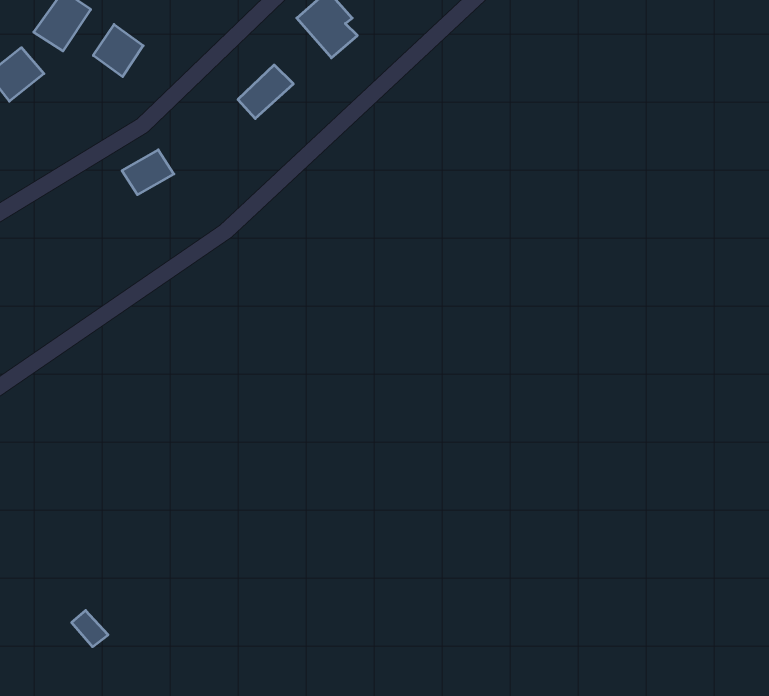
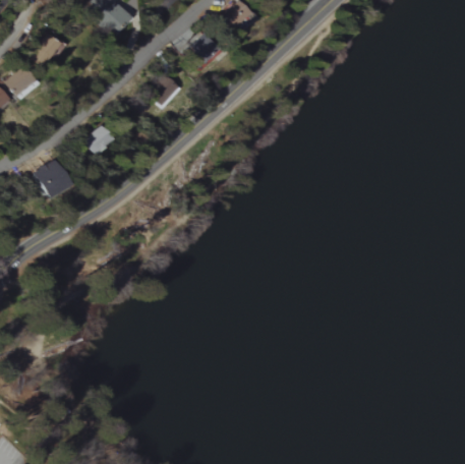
building: [93,24,143,77] -> none
building: none -> [32,159,70,197]

